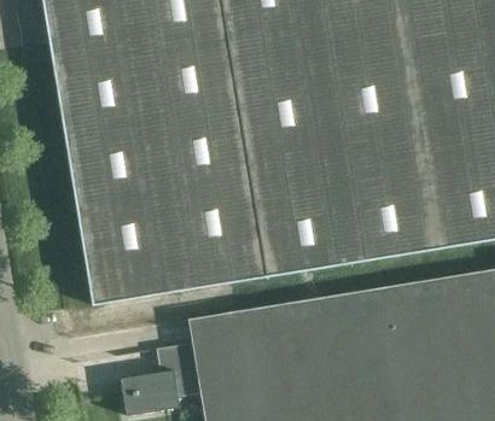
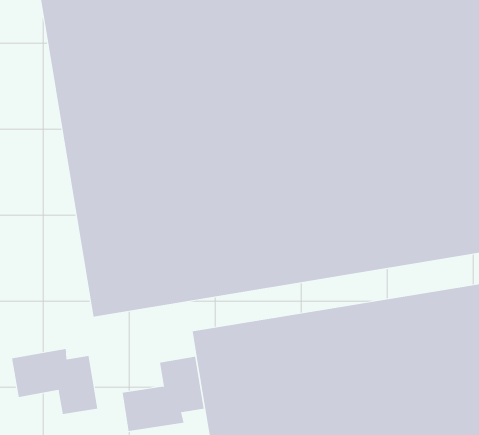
building: none -> [12,348,98,415]

